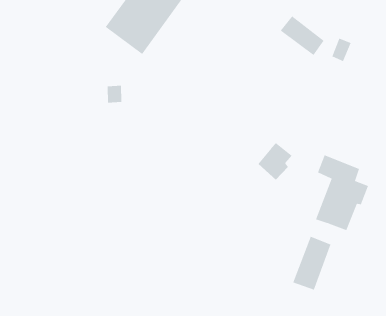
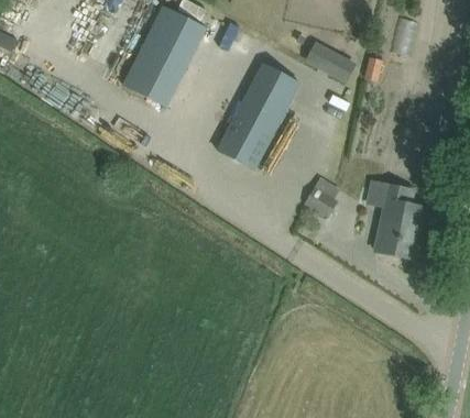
building: none -> [217,63,300,168]
building: [293,236,331,290] -> none

